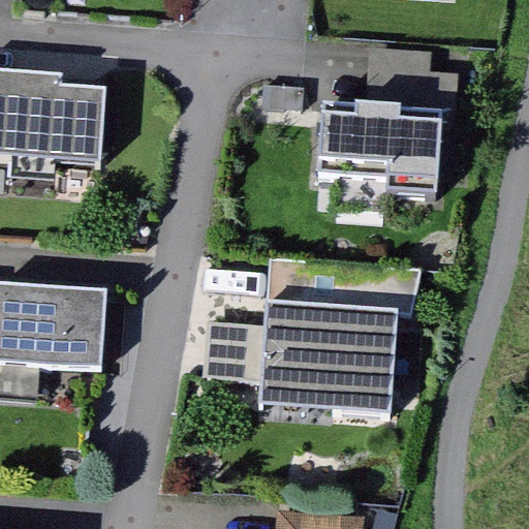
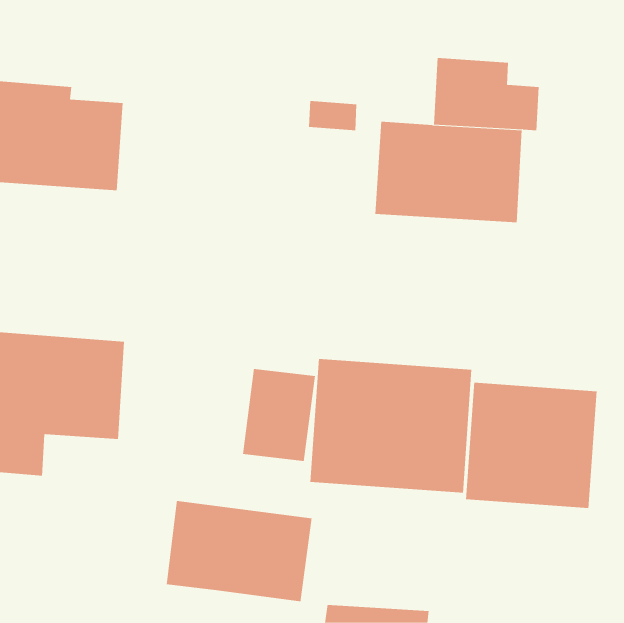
building: none -> [465,382,597,509]
building: none -> [166,500,312,602]

